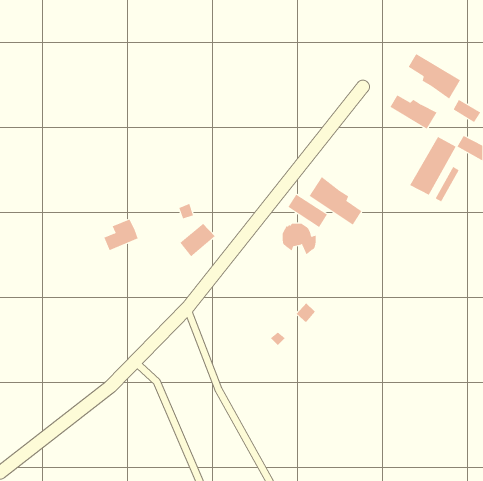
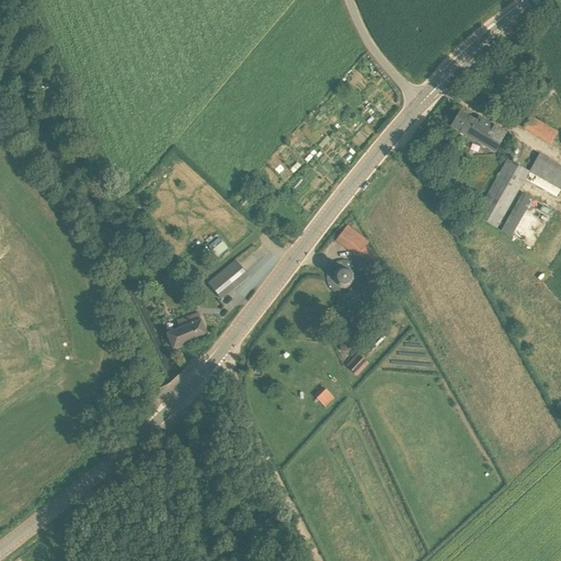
building: [408,53,461,99] -> none
building: [309,176,362,225] -> none
building: [103,219,138,251] -> [167,309,207,346]

